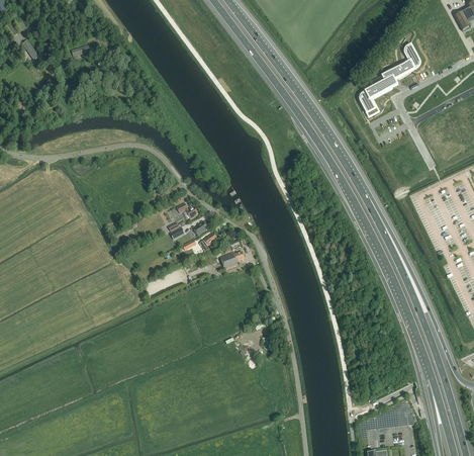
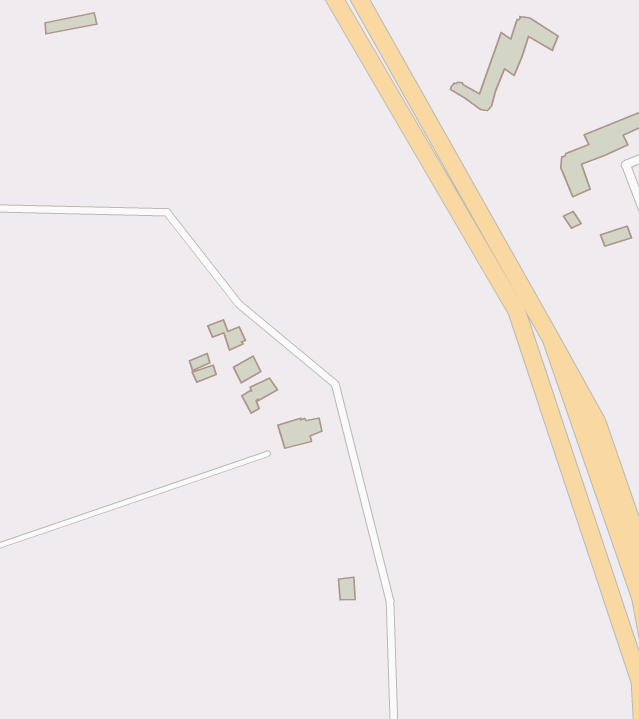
building: none -> [450,17,558,111]

